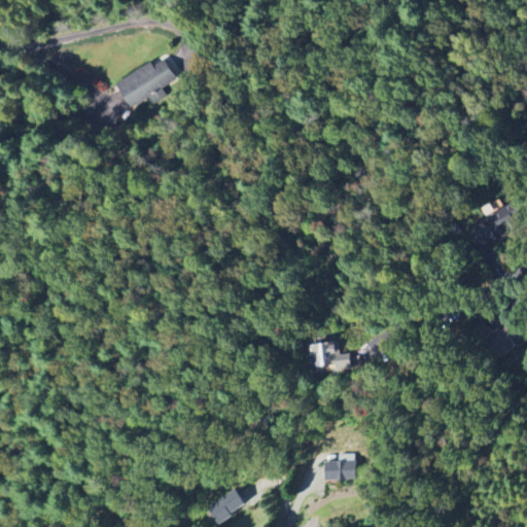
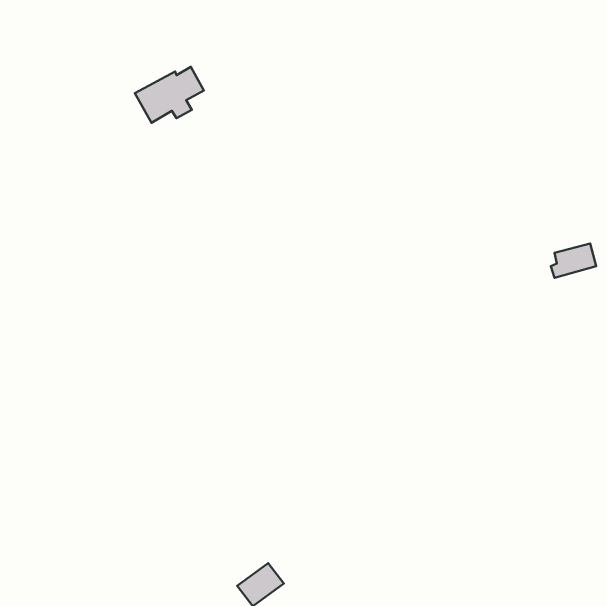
building: [313,342,350,371] -> none
building: [325,458,355,480] -> none

